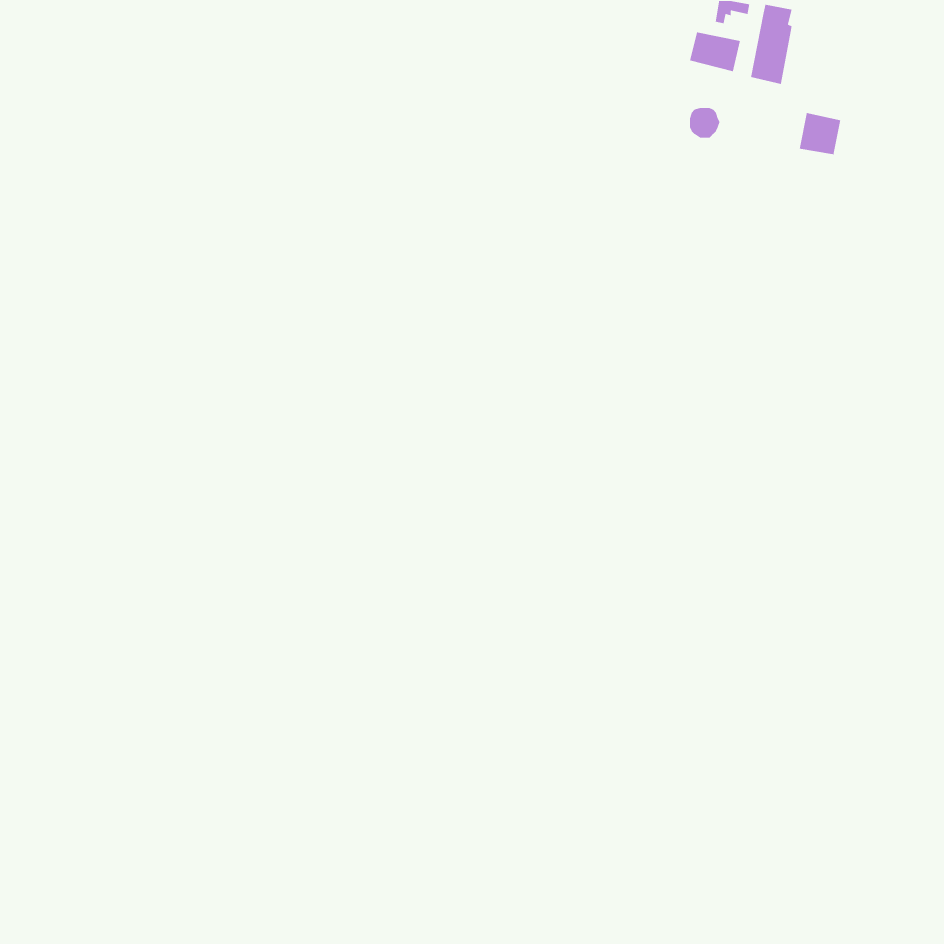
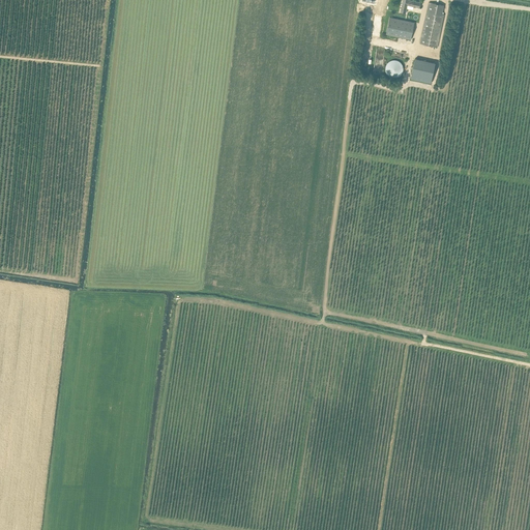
building: [799,112,841,157] -> [411,59,435,84]

